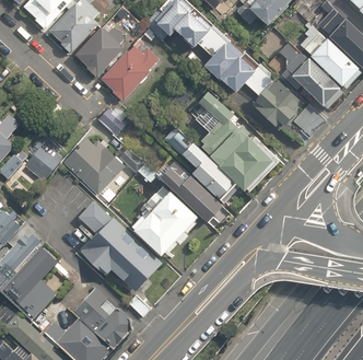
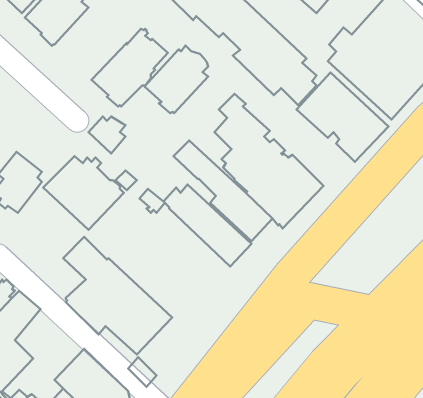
building: [74,23,124,76] -> [145,45,208,113]
building: [131,185,198,257] -> none

